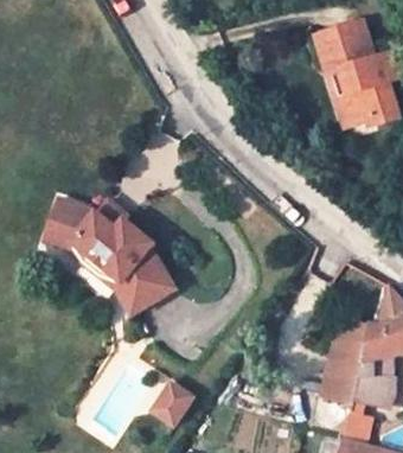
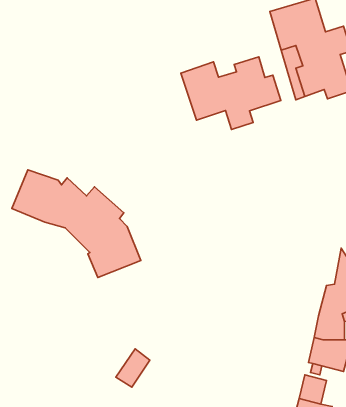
building: none -> [181,57,281,129]
building: [318,331,366,408] -> none

